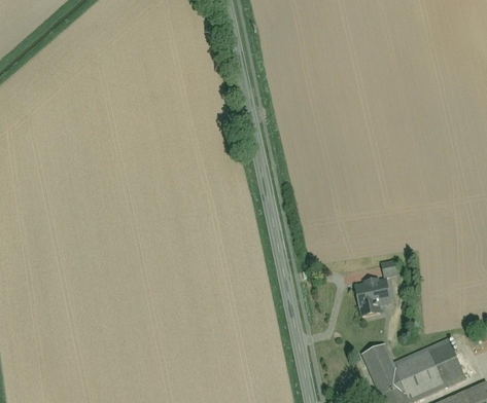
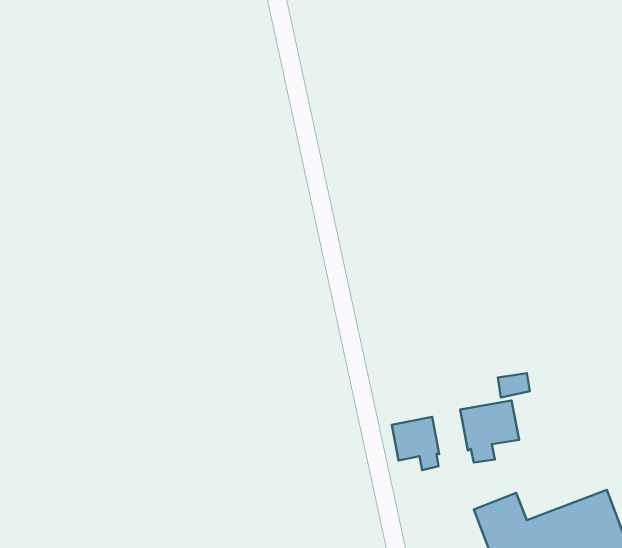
building: none -> [392,417,439,470]

